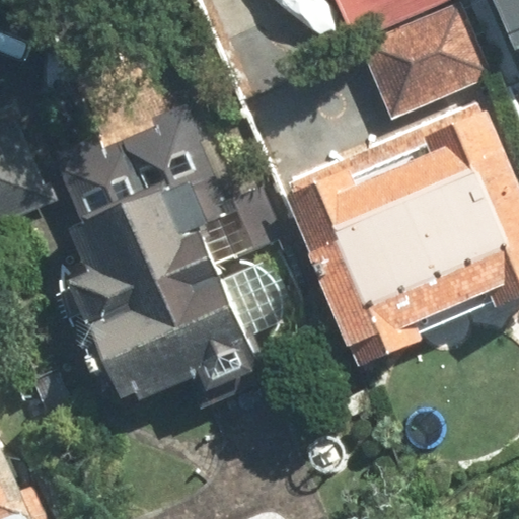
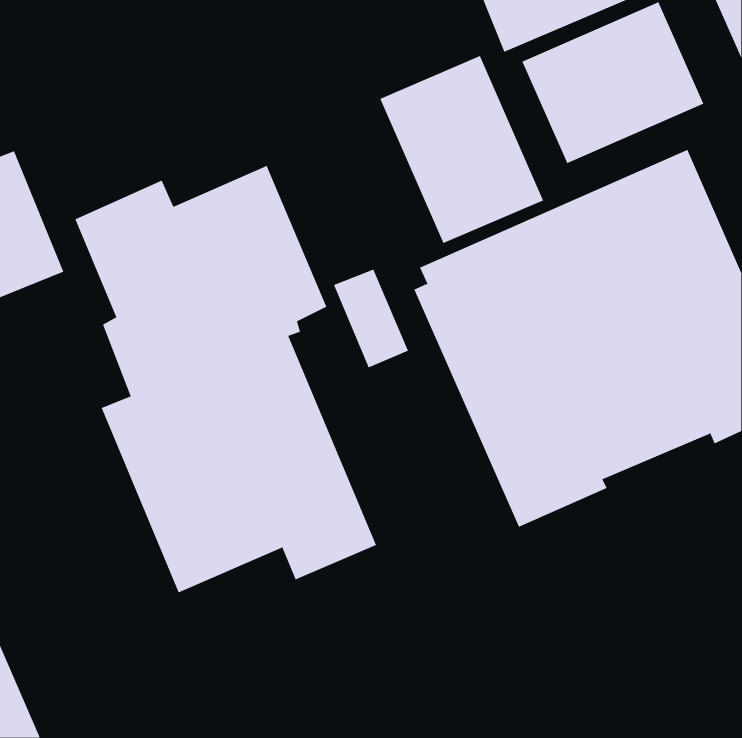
building: none -> [380,55,544,244]

